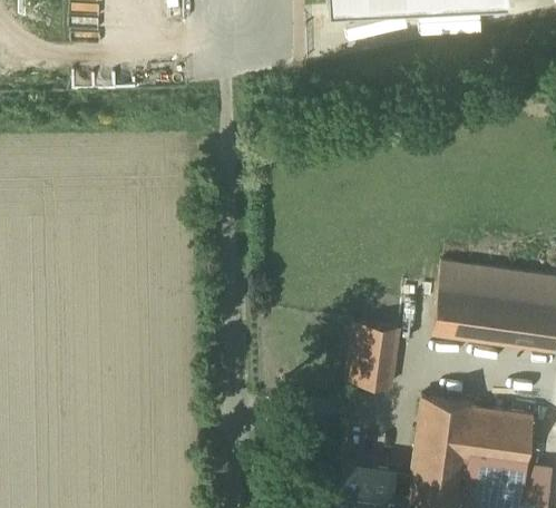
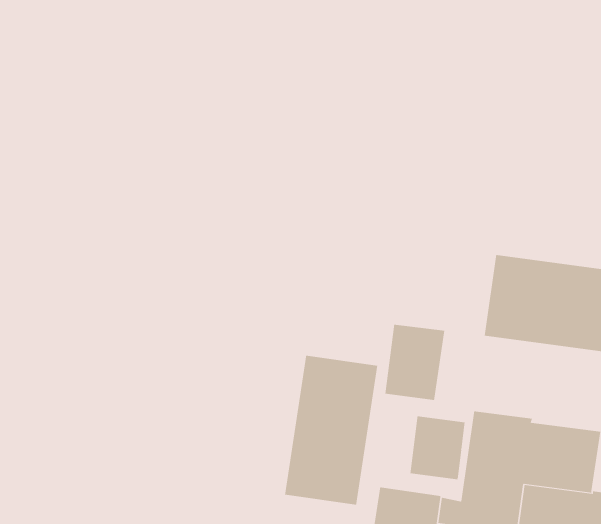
building: none -> [285,355,378,506]
building: none -> [410,416,465,480]

